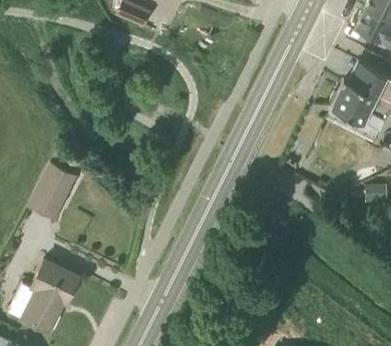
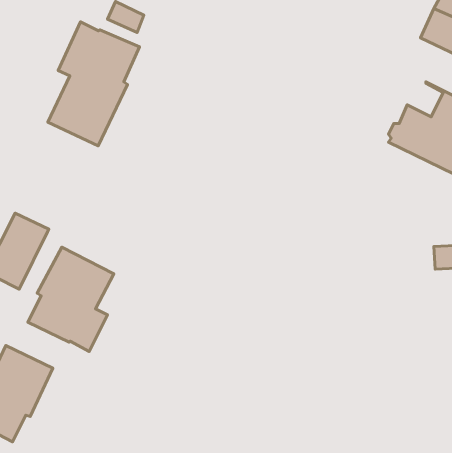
building: none -> [48,22,140,146]
building: none -> [28,247,114,351]

